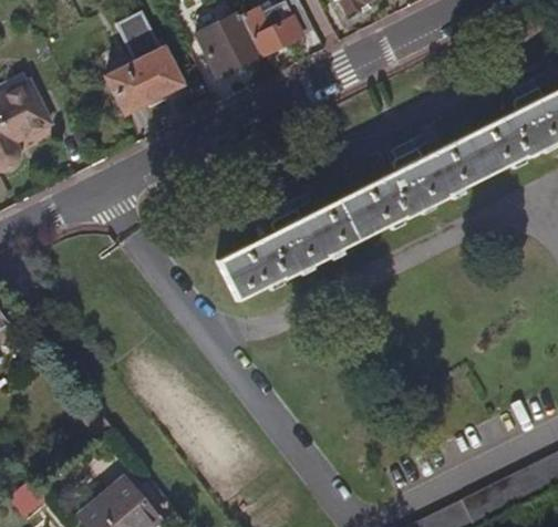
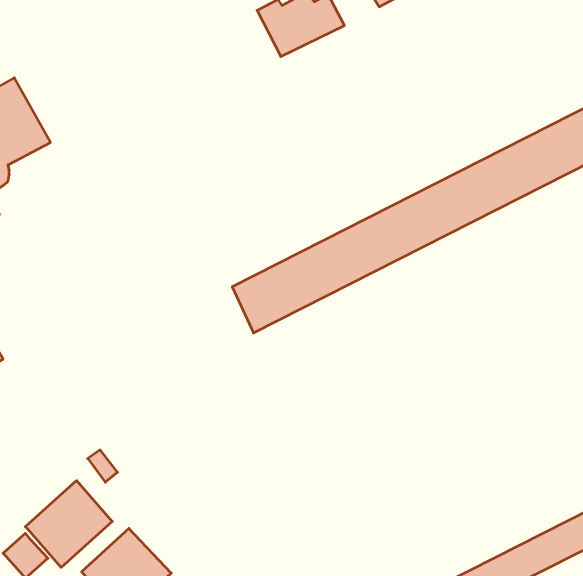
building: [104,13,179,116] -> none
building: [193,14,259,80] -> none
building: none -> [25,481,112,567]

